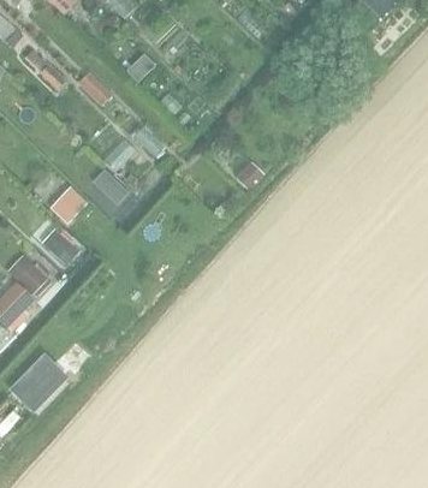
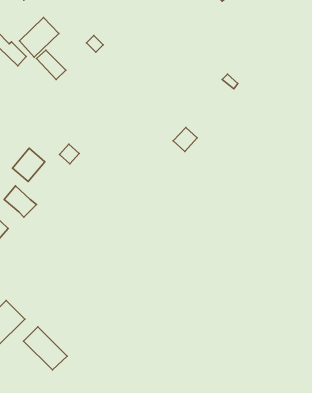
building: none -> [20,17,59,57]
building: none -> [23,327,67,370]

